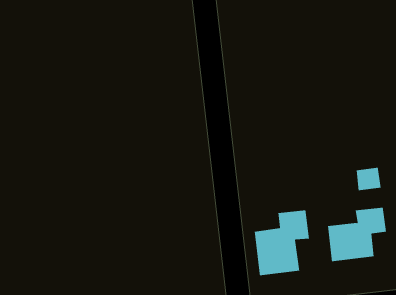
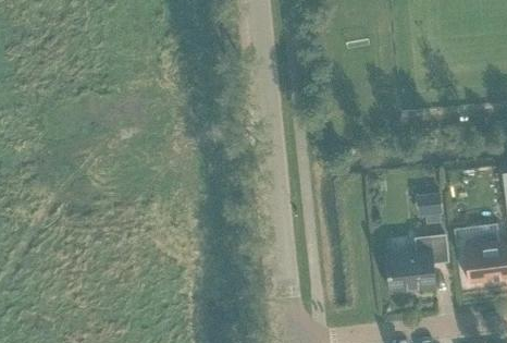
building: [254,209,310,276] -> none

